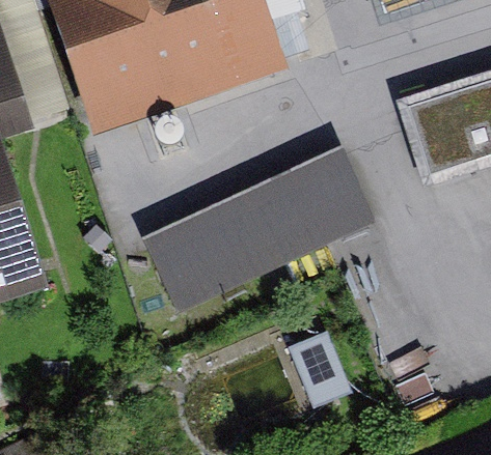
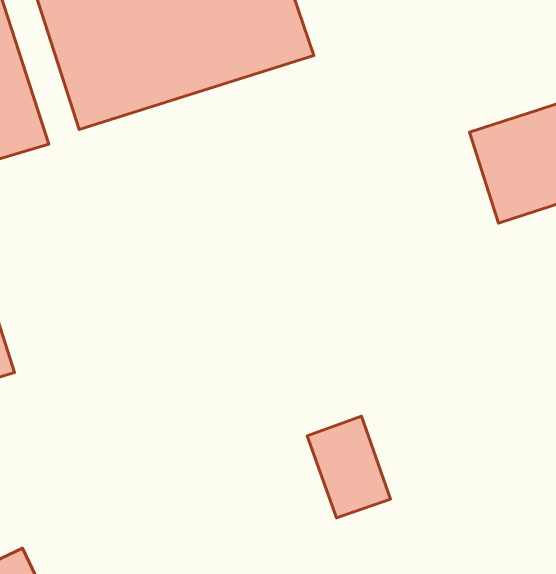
building: [157,154,370,305] -> none

